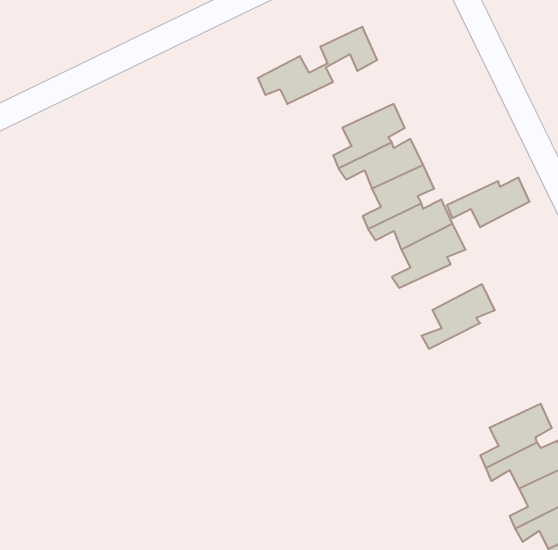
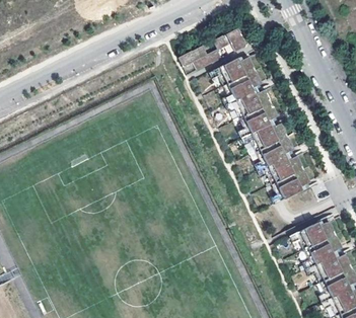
building: none -> [208,56,255,83]
building: [447,178,530,227] -> [258,156,303,183]
building: none -> [289,221,336,248]

